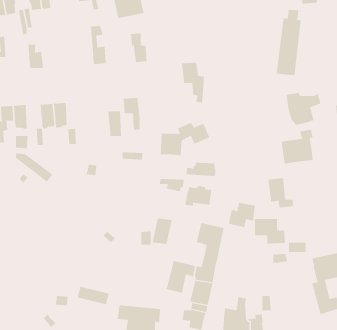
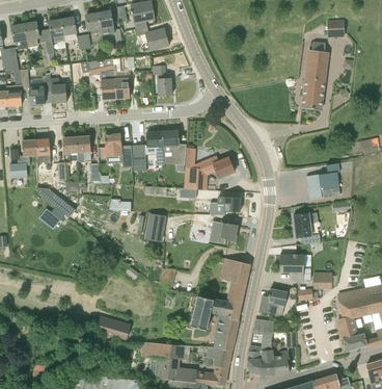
building: none -> [72,58,116,99]
building: none -> [28,75,52,104]
building: [181,62,205,103] -> [162,130,186,172]
building: [286,92,321,126] -> none
building: none -> [102,133,133,167]
building: [228,202,256,228] -> [260,288,288,314]
building: [152,218,172,244] -> [144,214,165,241]

